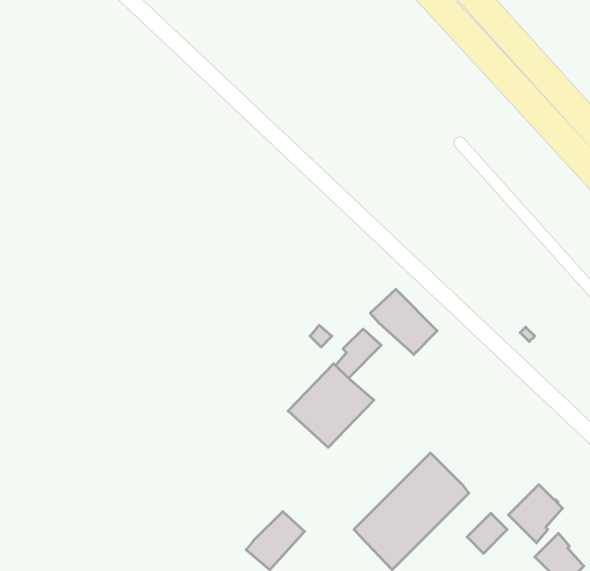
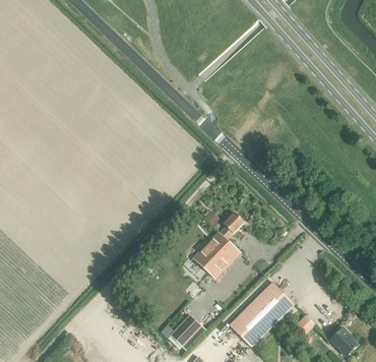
building: [370,289,437,355] -> none
building: [508,485,563,543] -> none

